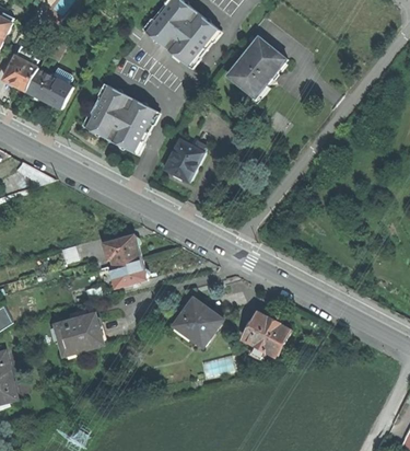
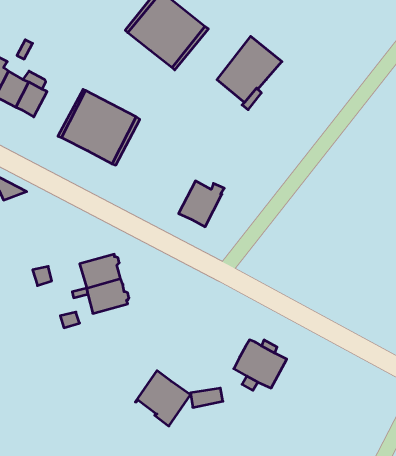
building: [164,139,206,181] -> [179,181,224,227]
building: [173,297,223,347] -> [135,371,191,426]
building: [50,309,103,356] -> none

